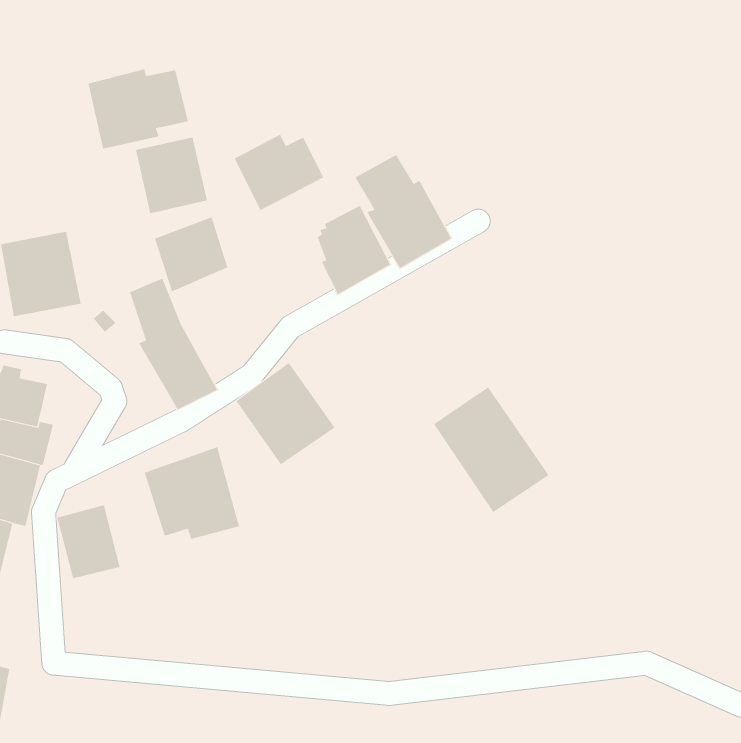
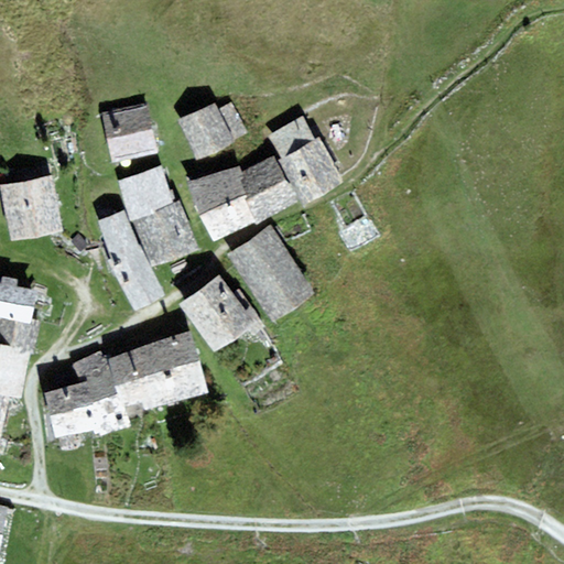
building: [88,69,189,149] -> none
building: none -> [187,166,254,240]
building: none -> [132,200,198,267]
building: [433,386,549,513] -> [227,226,315,322]
building: none -> [165,332,207,399]
building: none -> [74,350,130,435]

